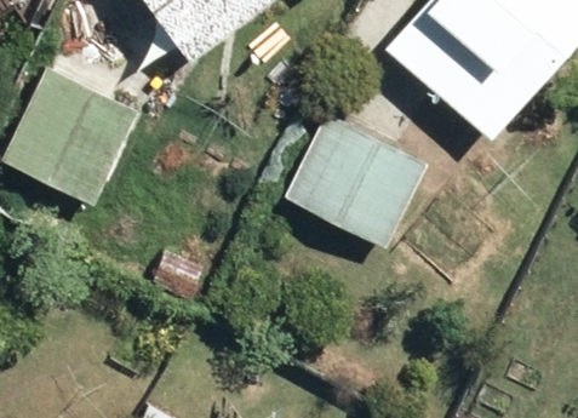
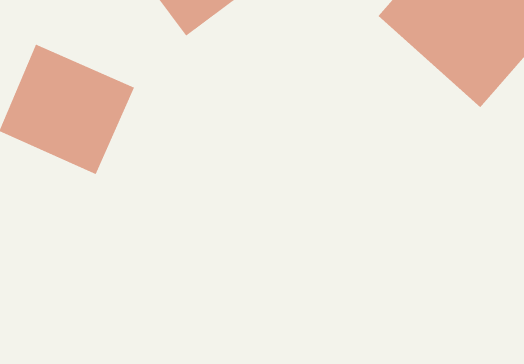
building: [279,107,431,248] -> none

